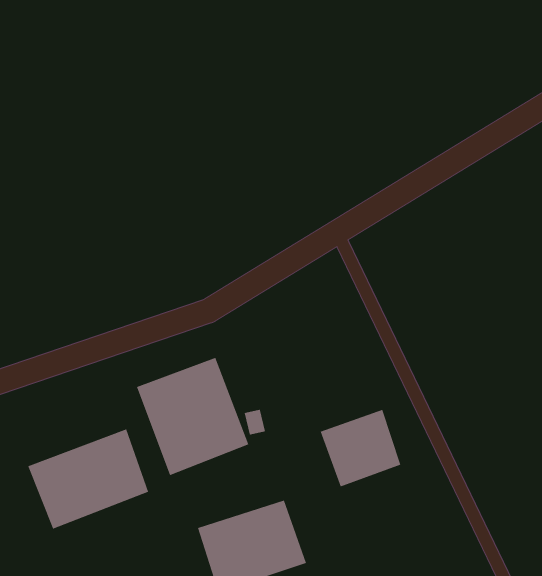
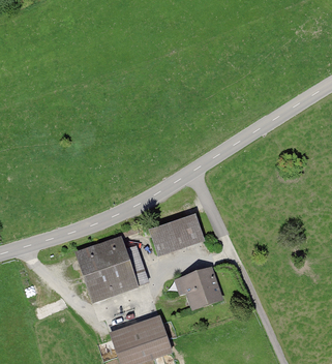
building: none -> [151,214,204,254]
building: [27,429,149,530] -> none

